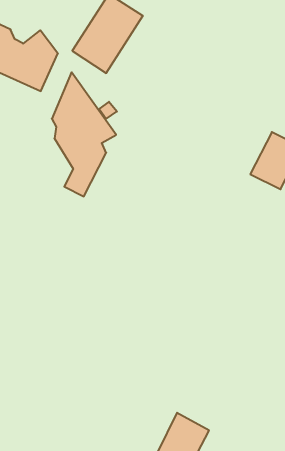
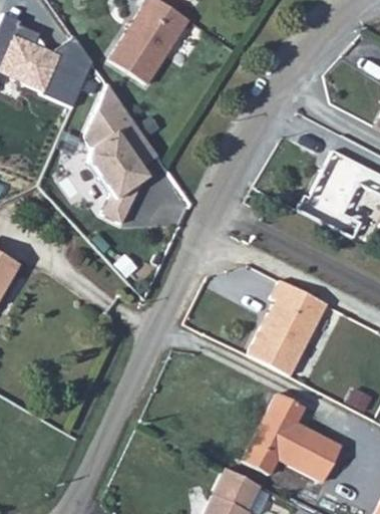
building: none -> [249,280,327,376]
building: none -> [243,394,341,483]

